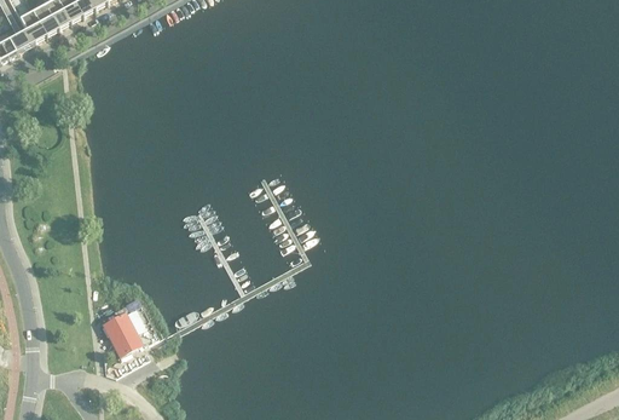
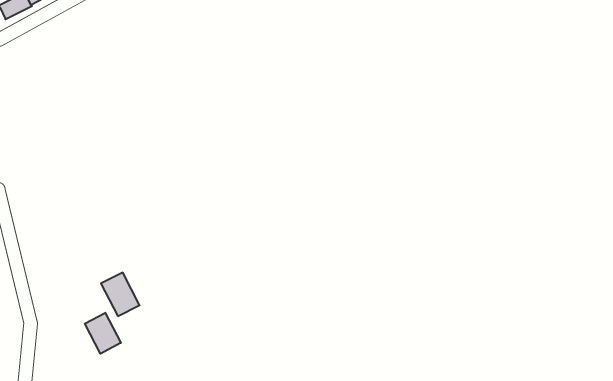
building: none -> [85,313,121,354]

